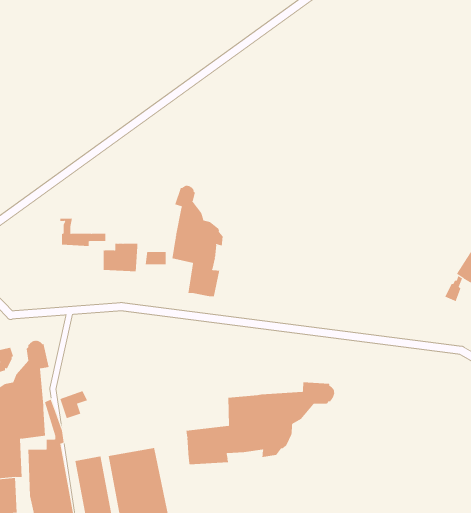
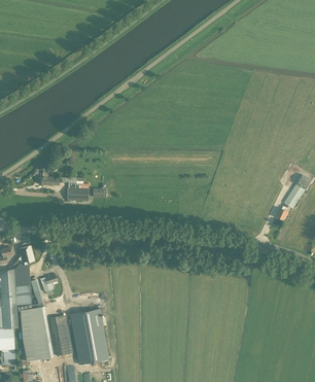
building: [172,185,223,297] -> none
building: [186,382,335,465] -> none

